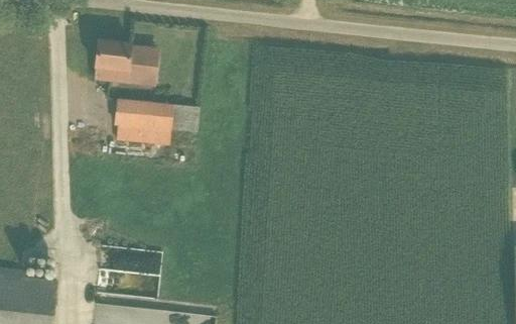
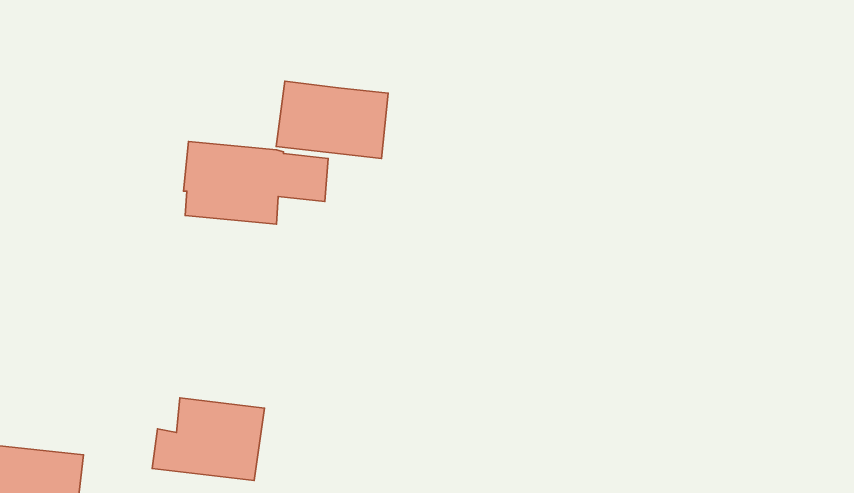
building: [93,38,158,84] -> [276,81,388,159]

